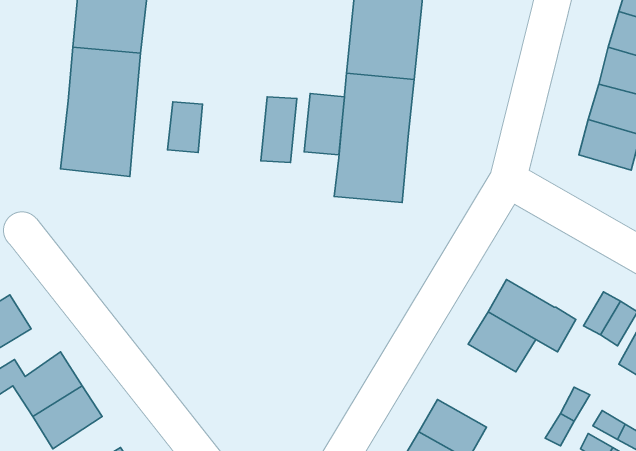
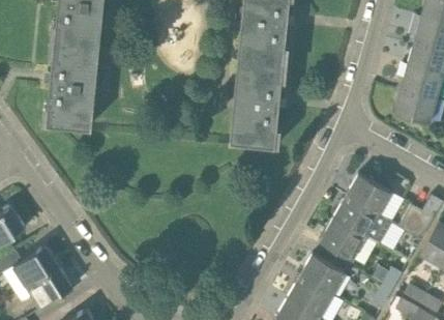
building: [304,94,345,155] -> none
building: [261,97,297,163] -> none
building: [167,102,203,153] -> none
building: none -> [346,179,391,220]
building: none -> [299,259,345,300]

